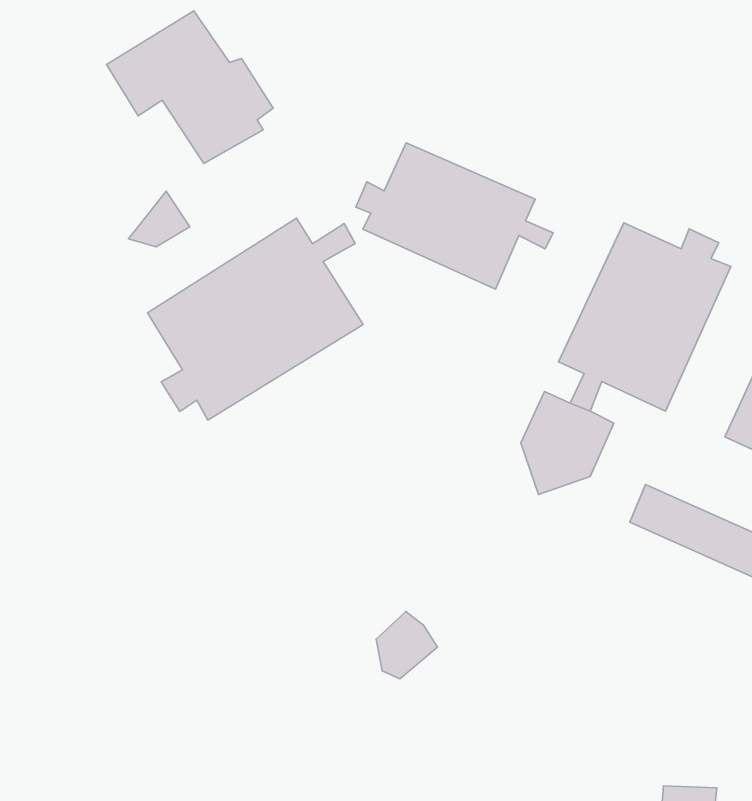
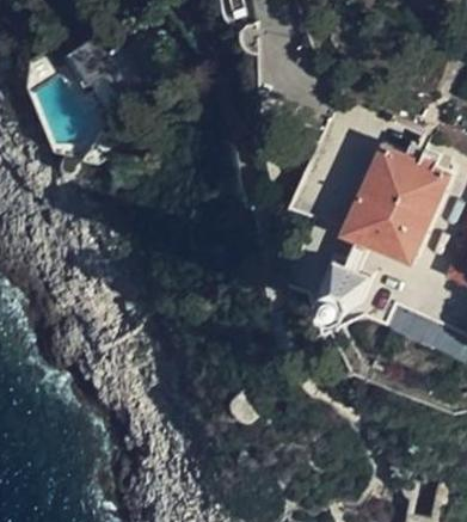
building: [356,143,553,289] -> none
building: [148,218,363,420] -> none

